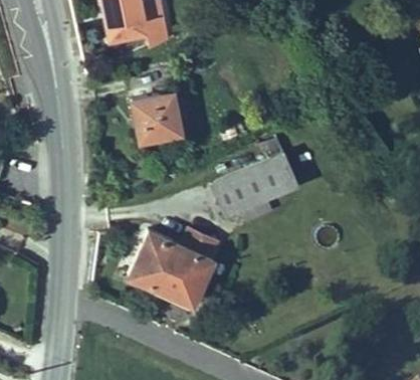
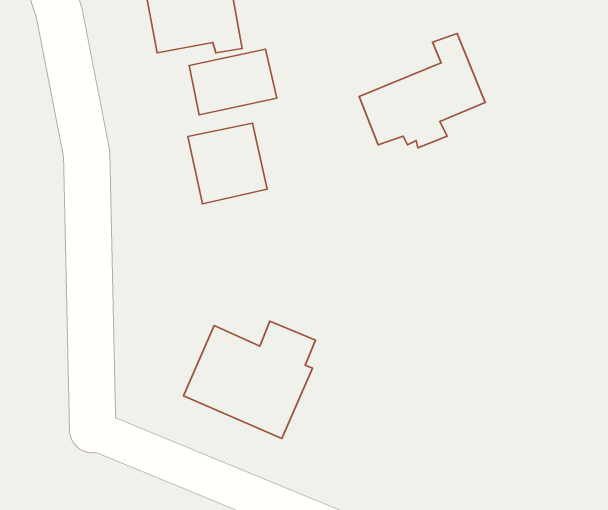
building: none -> [189,49,277,115]
building: [211,140,297,218] -> [359,33,485,148]

